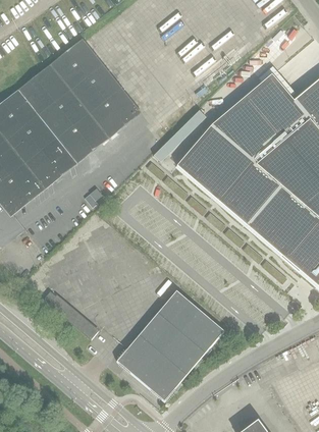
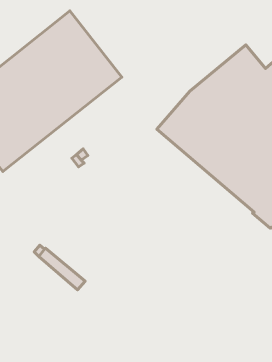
building: [116,289,224,400] -> none

